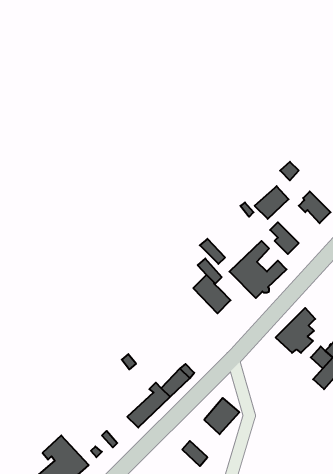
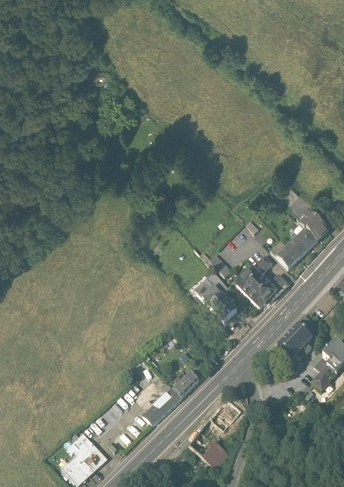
building: [255,186,289,219] -> [287,227,318,257]

